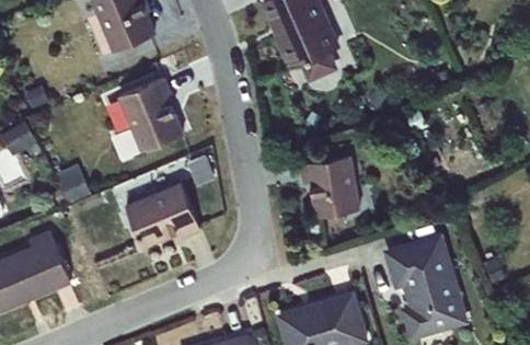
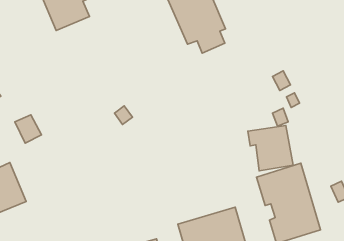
building: [115,76,185,159] -> none
building: [298,156,359,217] -> [248,125,293,171]
building: [124,182,199,249] -> none

